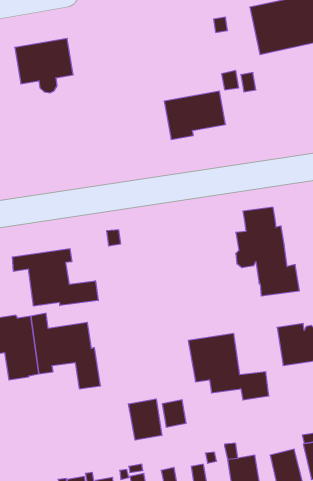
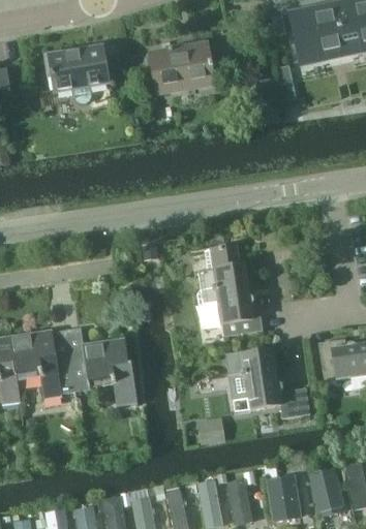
building: [164,91,226,139] -> [152,44,215,94]
building: [236,207,299,296] -> [199,246,264,337]
building: [12,249,98,306] -> none
building: [128,399,162,440] -> none

